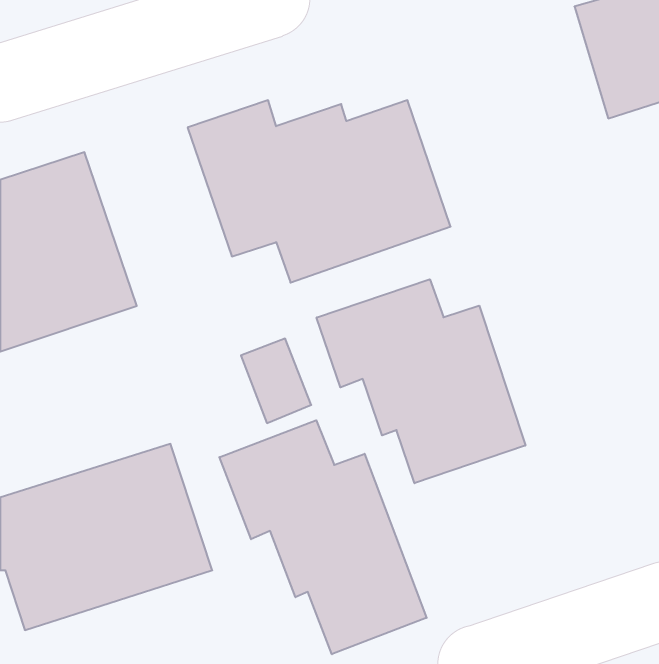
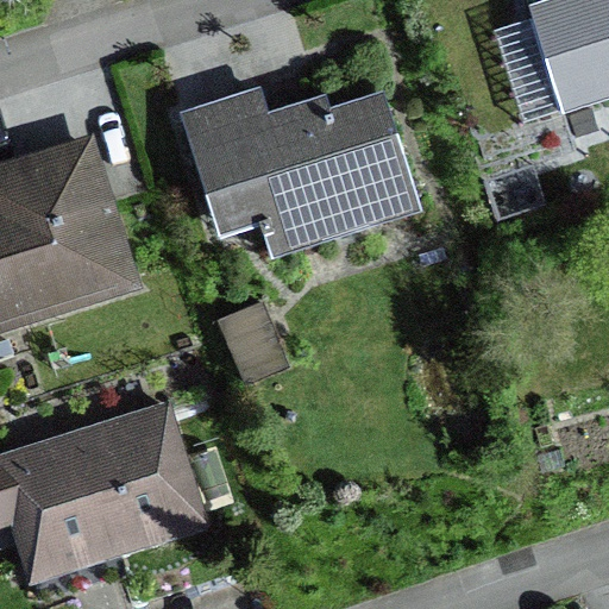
building: [317,279,525,483] -> none
building: [219,420,427,654] -> none

